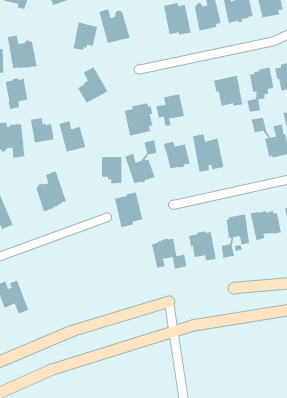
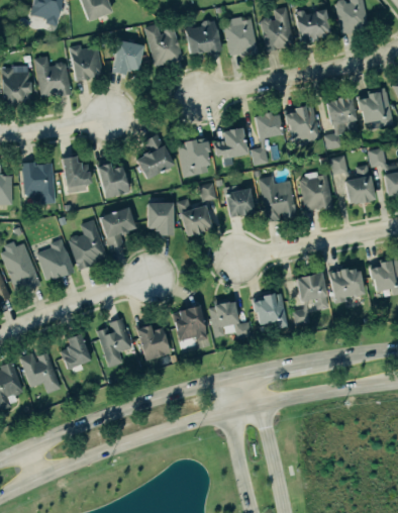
building: none -> [185,19,220,53]
building: none -> [69,44,103,82]
building: [77,67,108,103] -> [136,133,174,178]
building: [5,77,28,110] -> none
building: none -> [250,111,284,165]
building: none -> [298,173,332,211]
building: none -> [98,206,135,250]
building: none -> [36,238,74,280]
building: [114,192,143,228] -> [173,305,208,348]
building: none -> [97,316,132,368]
building: none -> [135,324,170,361]
building: none -> [60,333,92,370]

